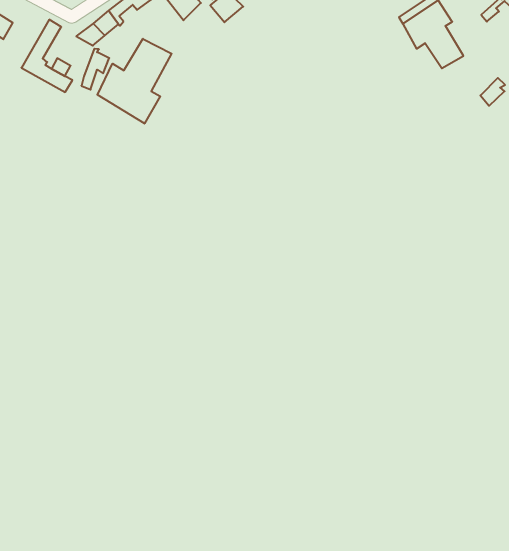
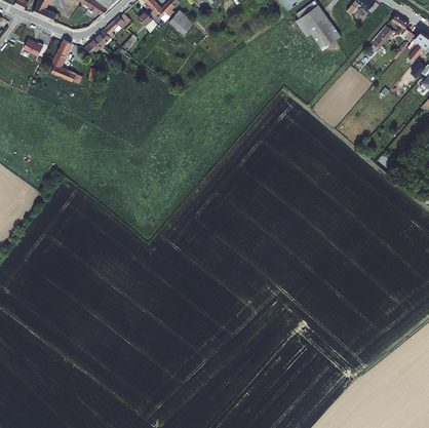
building: [97,39,172,124] -> none

